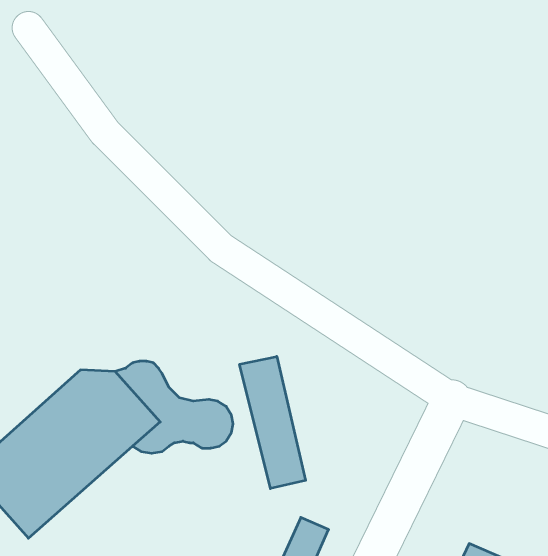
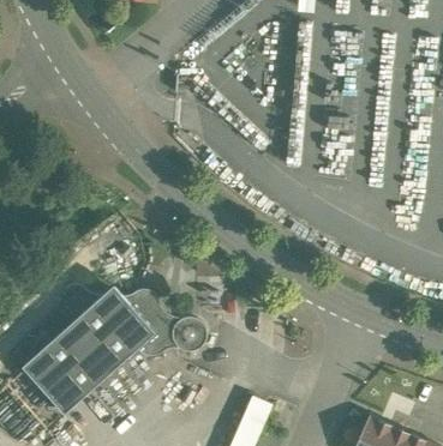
building: [240,356,306,489] -> none

